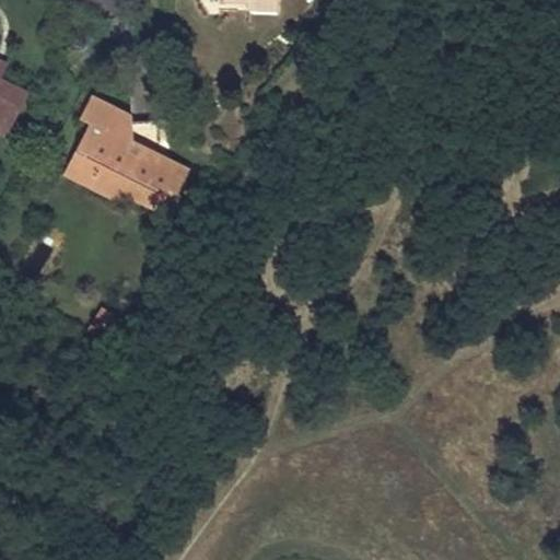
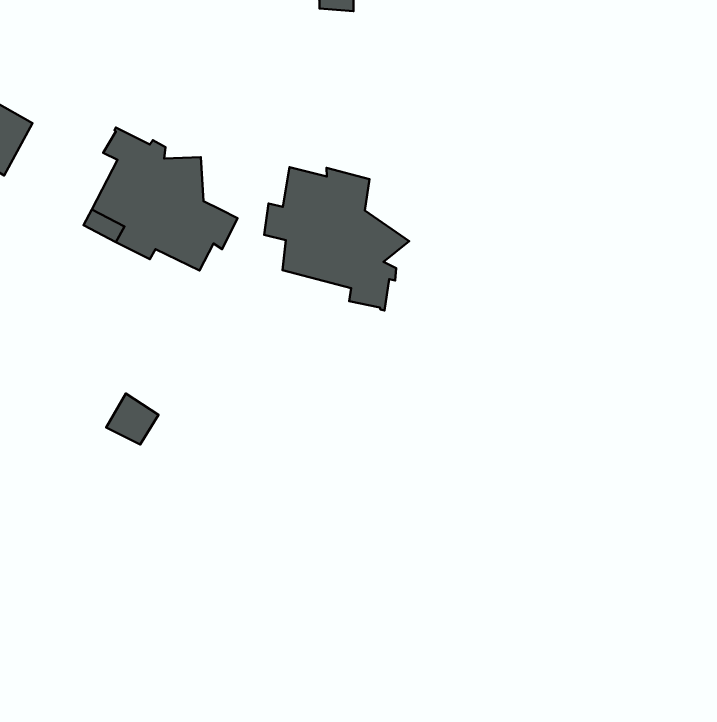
building: none -> [264,167,409,310]

